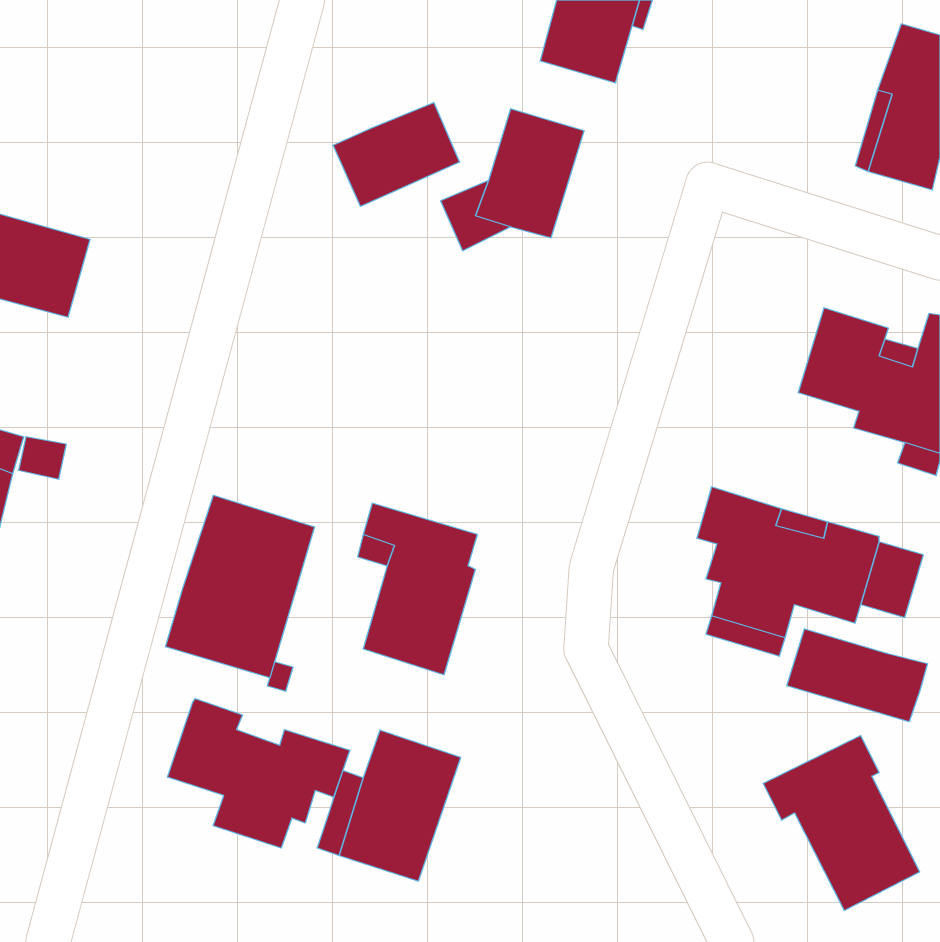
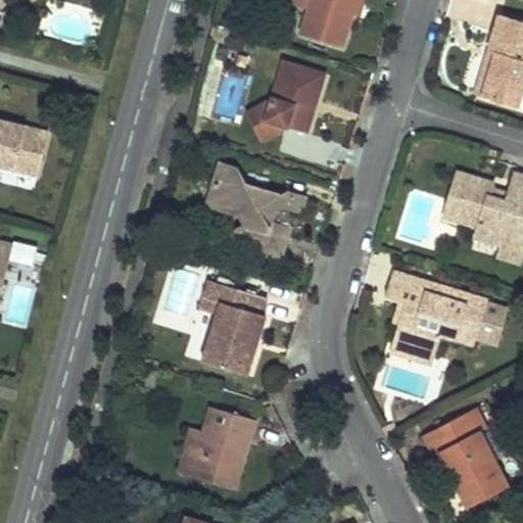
building: [333,102,459,206] -> none
building: none -> [206,162,303,257]
building: [166,495,314,678] -> none
building: [787,629,928,722] -> none
building: [167,699,350,848] -> none

